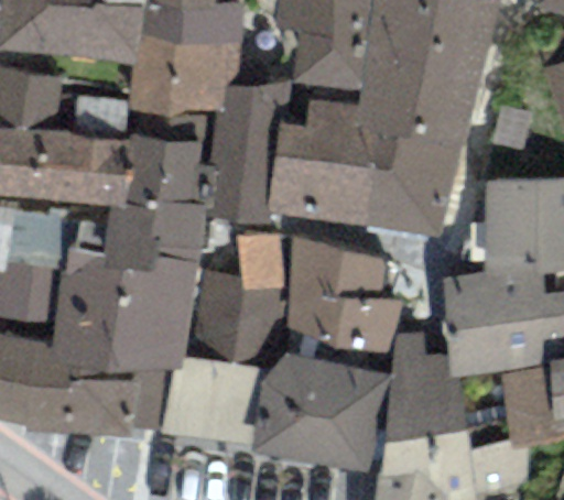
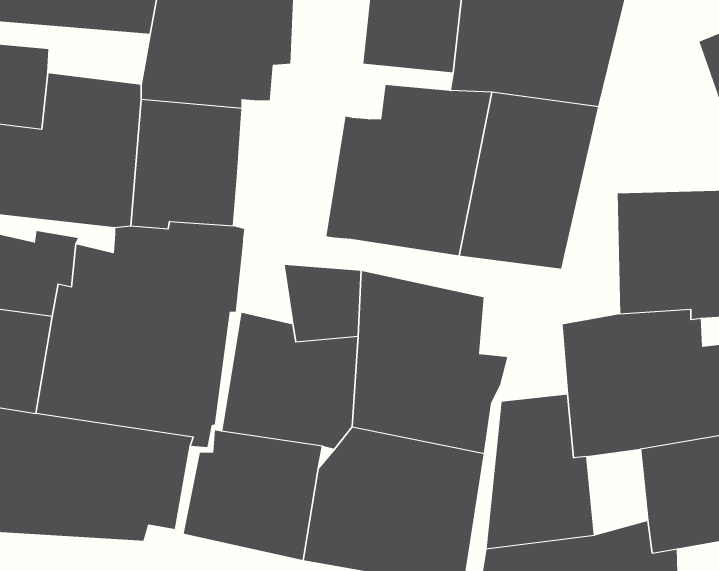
building: [197,80,290,225] -> none

